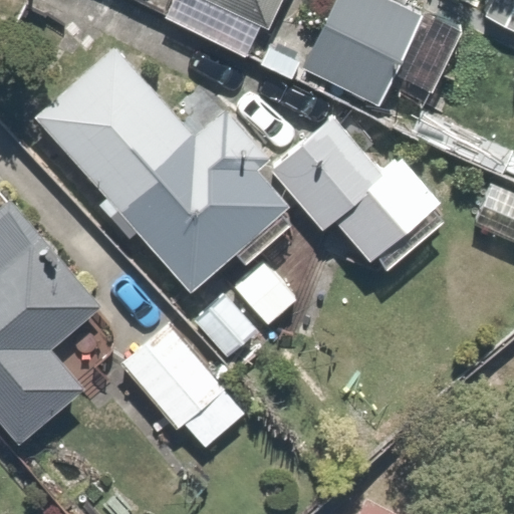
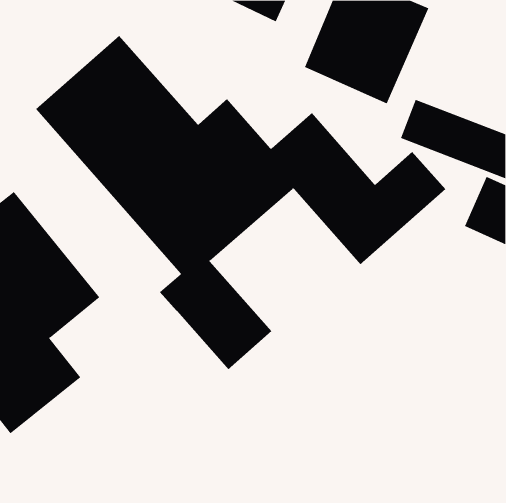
building: [119,320,255,460] -> none

